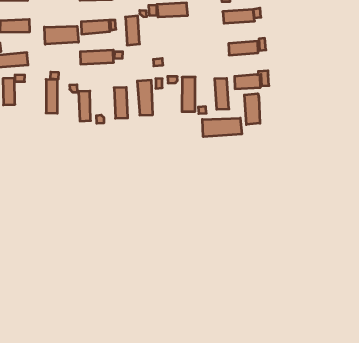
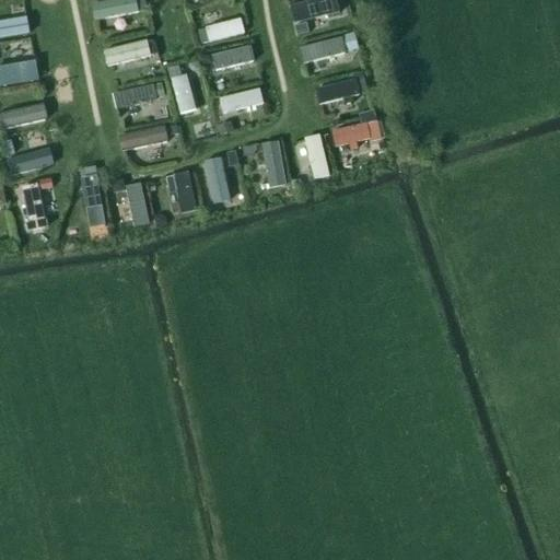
building: [44,26,78,44] -> none
building: none -> [219,85,264,113]
building: [244,94,260,125] -> none
building: [202,118,242,137] -> none

